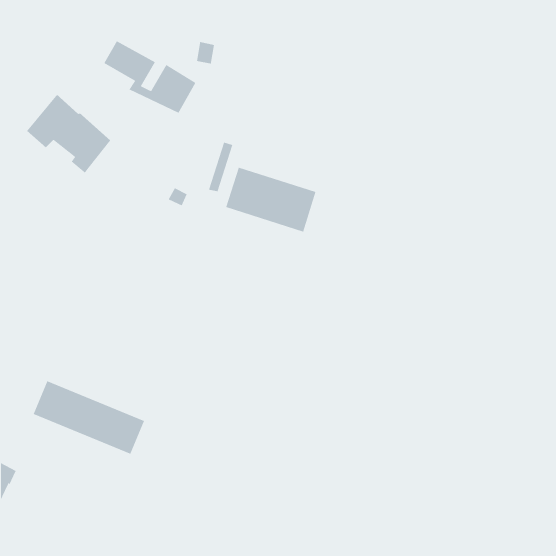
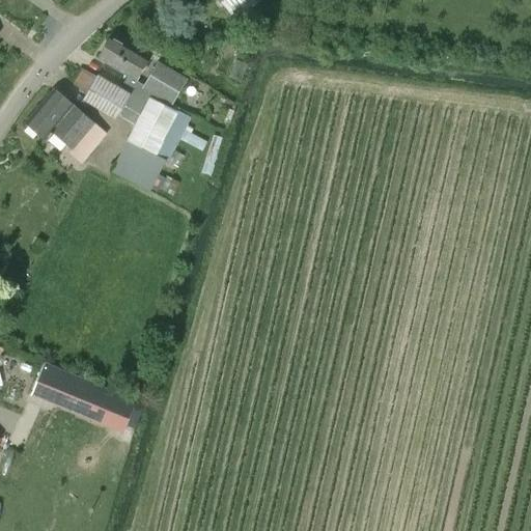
building: none -> [72,69,207,160]
building: [226,167,316,232] -> none

